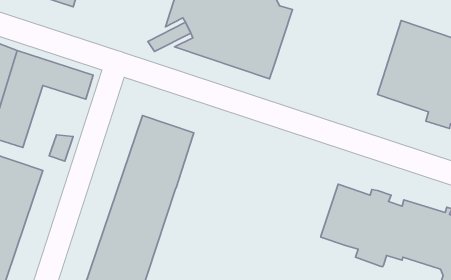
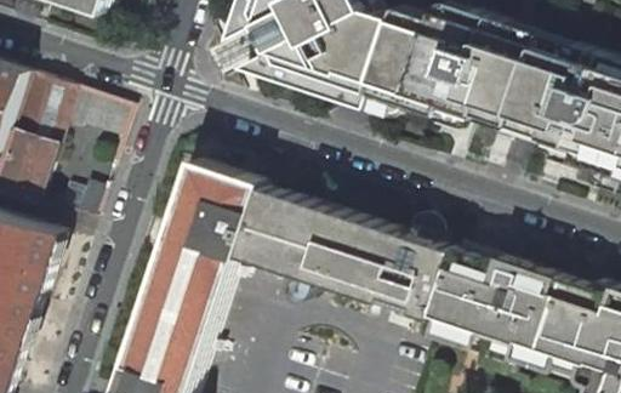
building: none -> [368,11,536,131]
building: none -> [237,186,452,319]

